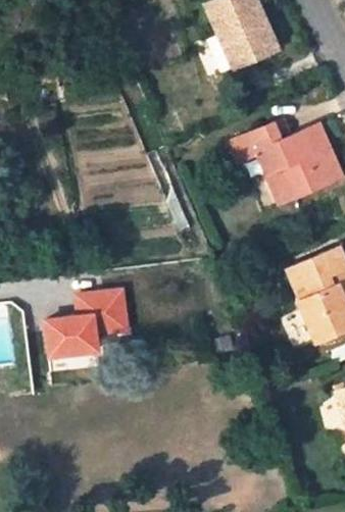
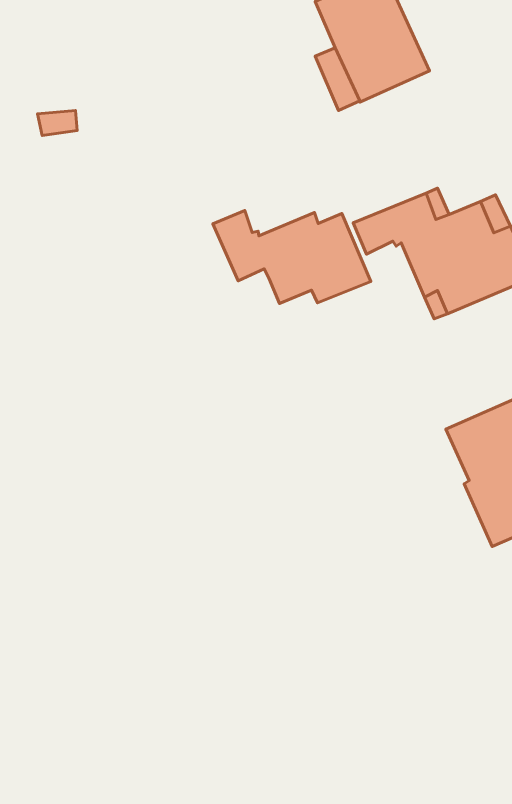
building: none -> [213,210,371,304]
building: [42,287,127,355] -> none

